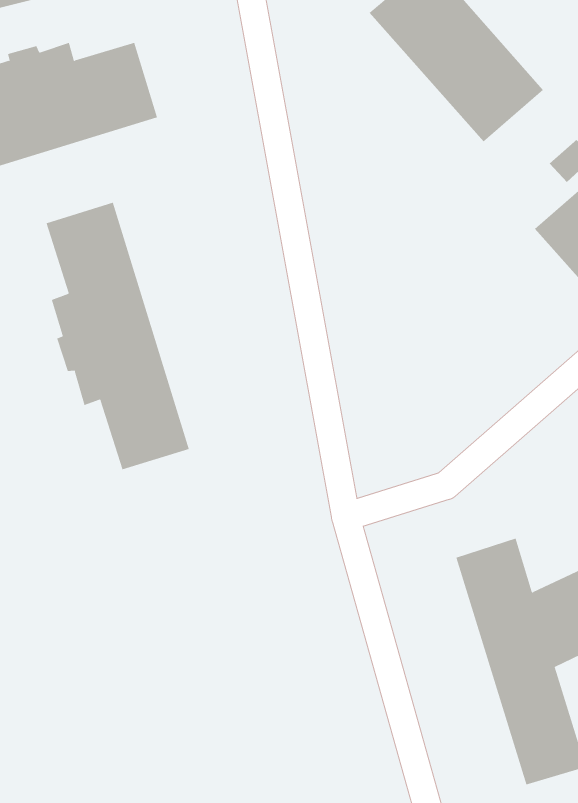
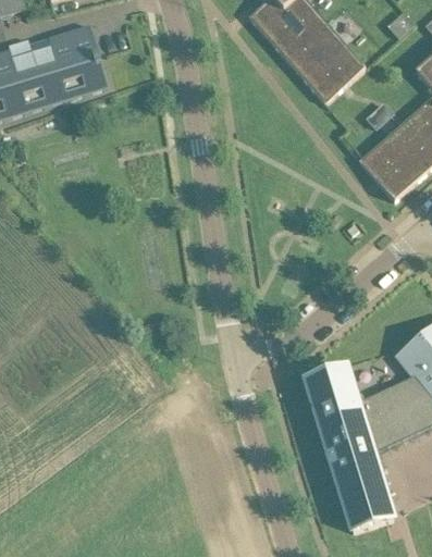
building: [46,202,189,470] -> none

